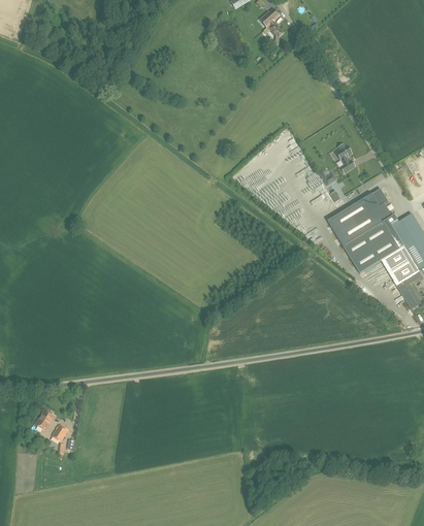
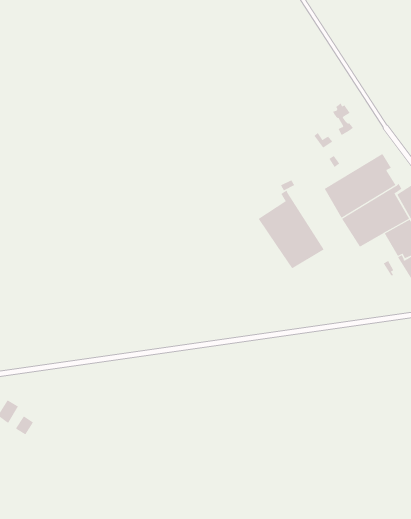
building: none -> [258,189,324,269]

